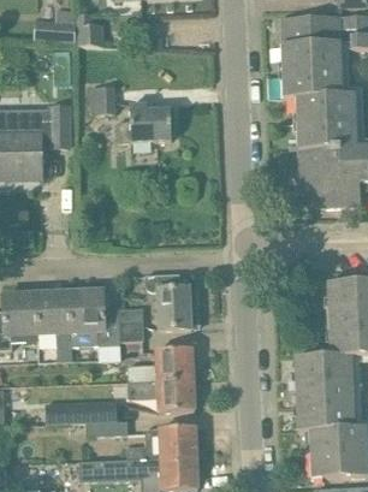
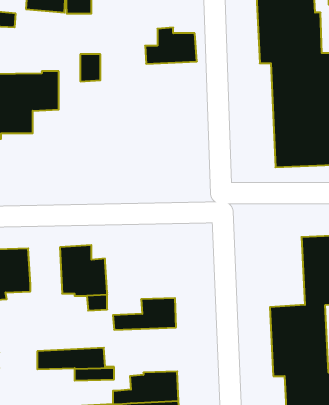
building: [117,103,172,142] -> [145,28,197,64]
building: [146,274,196,330] -> none
building: [36,294,72,361] -> none
building: [118,308,143,342] -> none
building: [127,379,195,411] -> none

